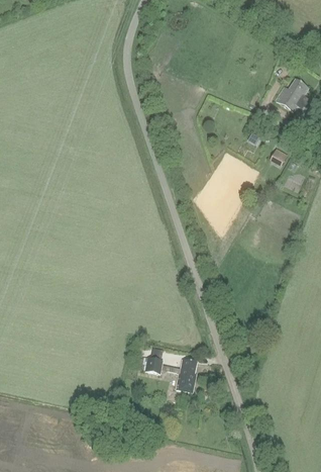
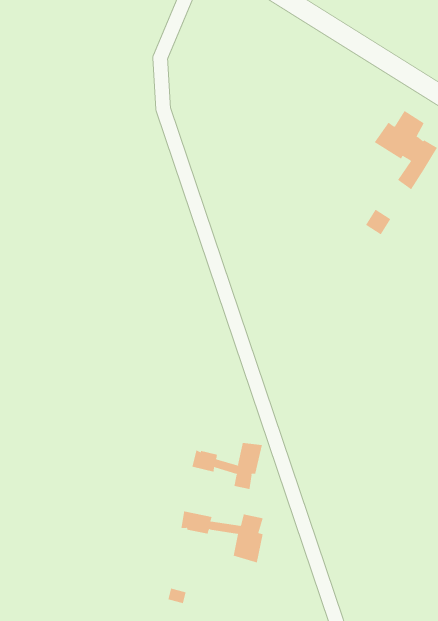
building: none -> [192,442,262,490]

